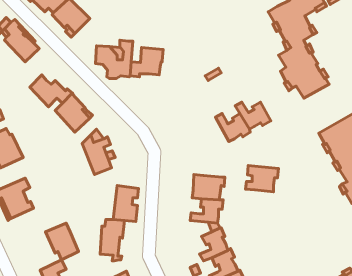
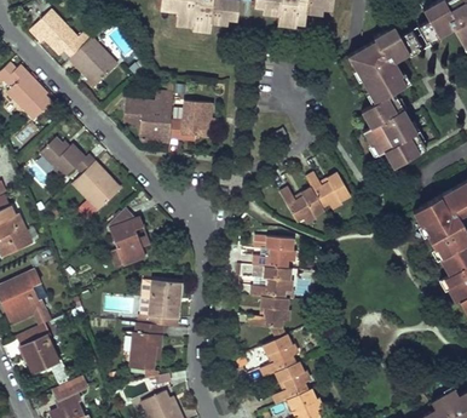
building: [245,166,278,192] -> [252,235,294,269]
building: [46,223,79,260] -> [16,325,58,372]

